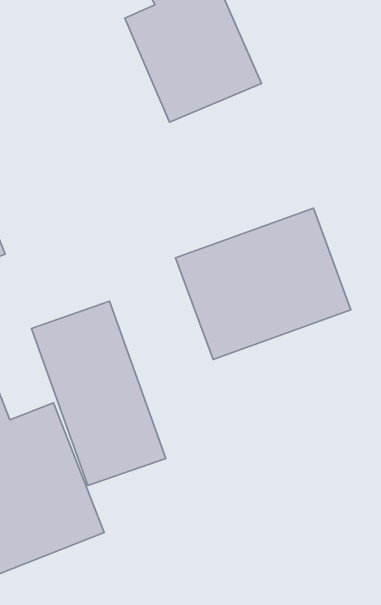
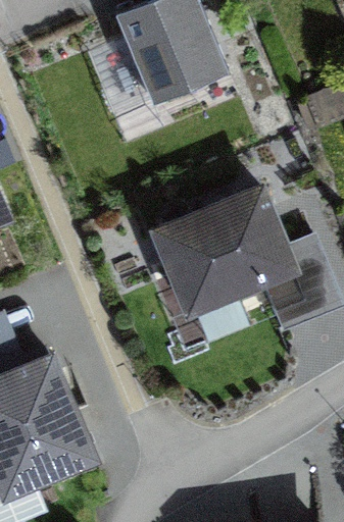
building: [31,301,166,485] -> none

